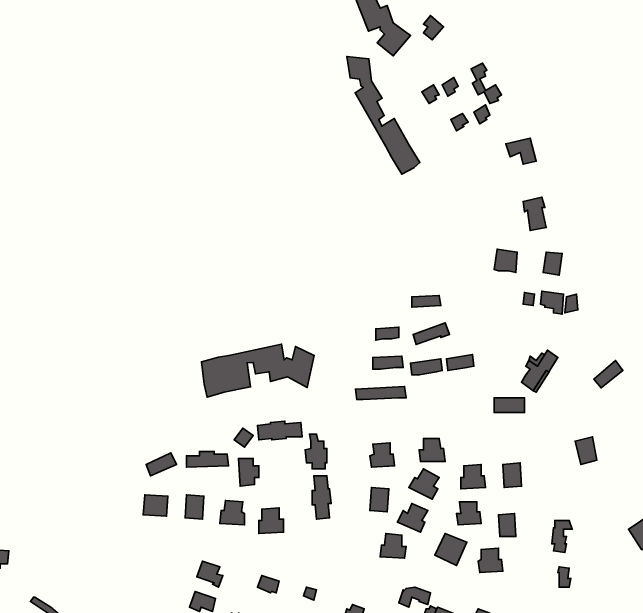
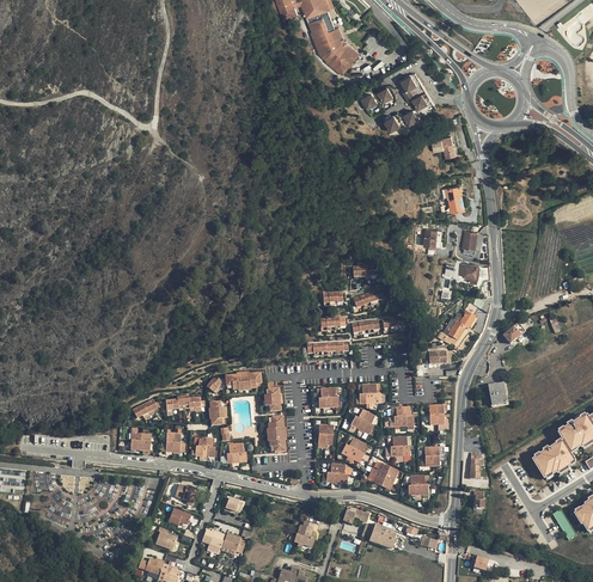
building: [347,57,420,174] -> none
building: [201,344,314,397] -> none

